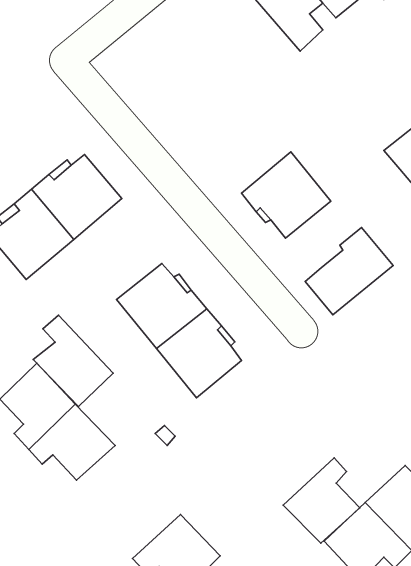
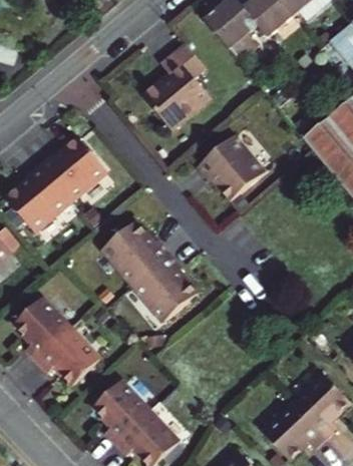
building: none -> [146,43,213,129]
building: [305,227,393,315] -> none
building: [33,315,113,406] -> none
building: [283,458,360,543] -> none
building: none -> [93,379,150,443]

